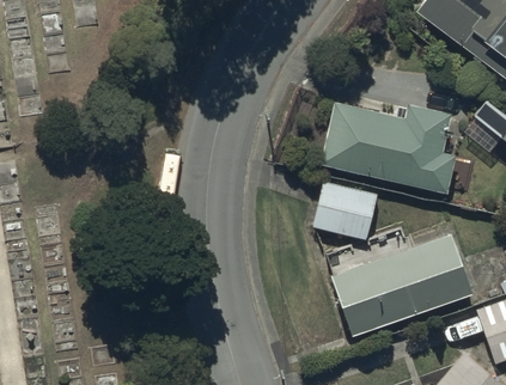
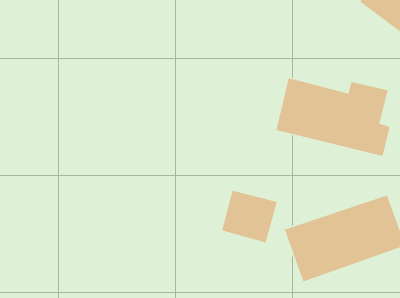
building: [312,182,377,243] -> [221,190,278,243]

